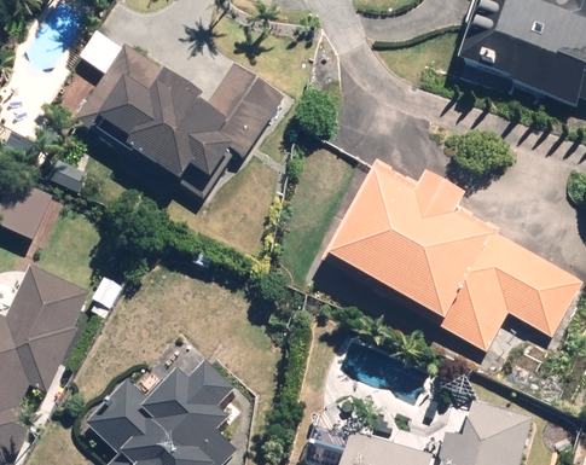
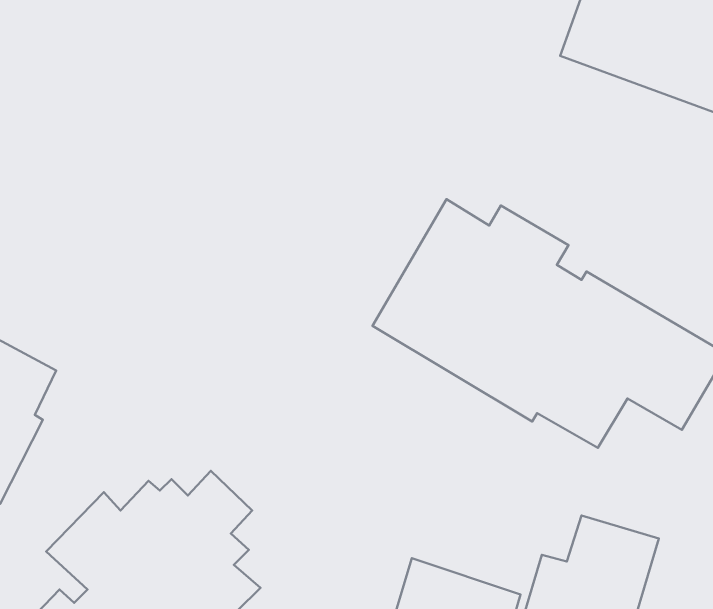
building: [76,43,285,187] -> none

